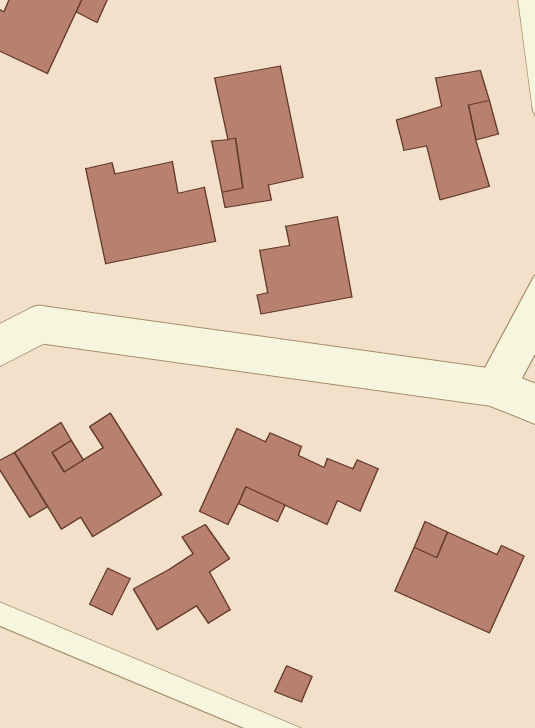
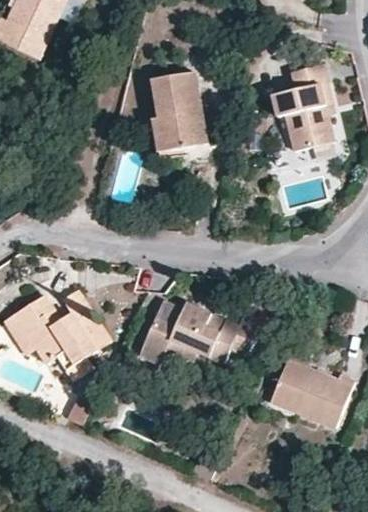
building: [86,161,216,264] -> none
building: [257,217,352,314] -> none
building: [134,525,230,630] -> none

